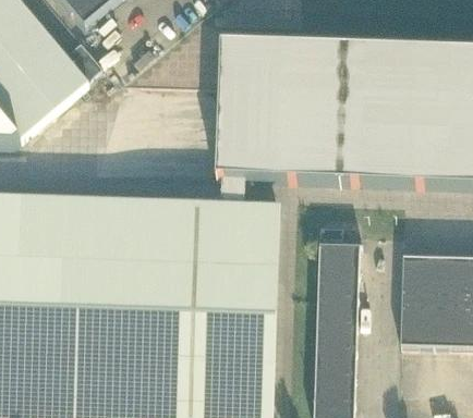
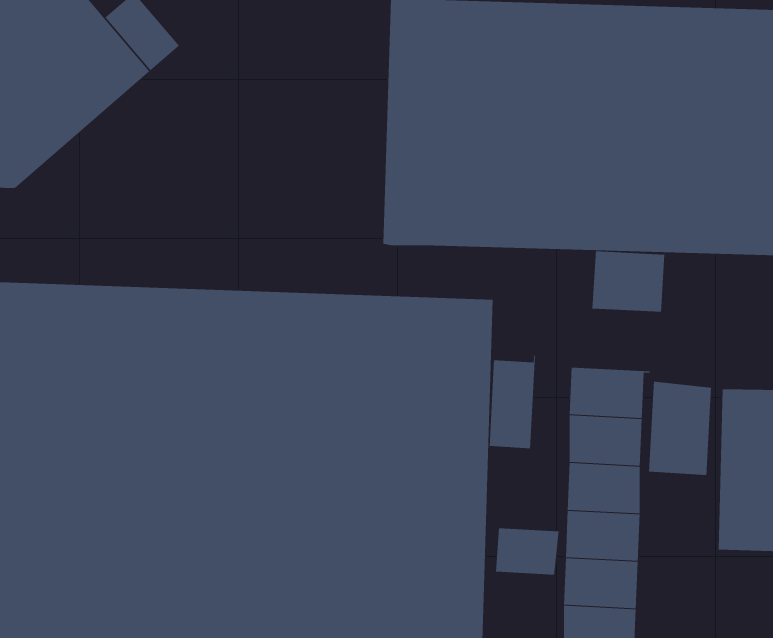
building: none -> [592,251,665,312]
building: none -> [489,355,536,449]
building: none -> [648,381,712,476]
building: none -> [496,528,559,575]

